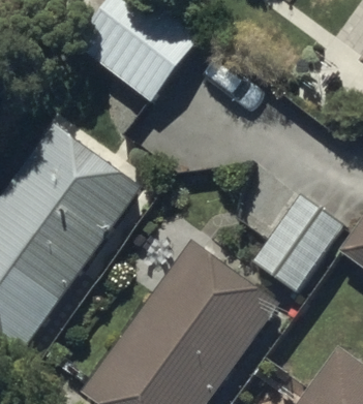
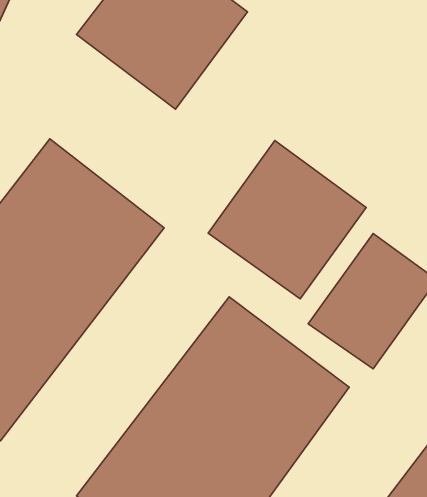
building: none -> [208,140,366,299]

